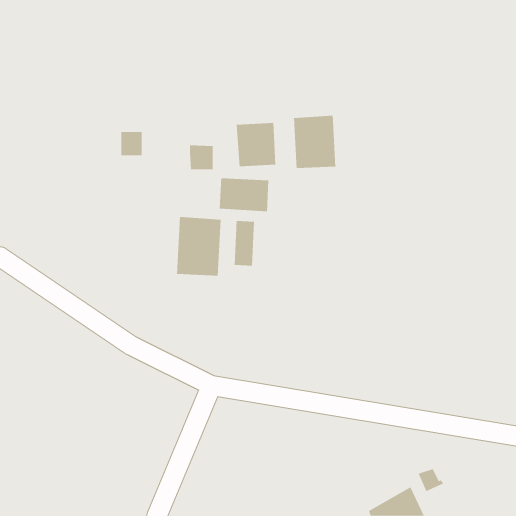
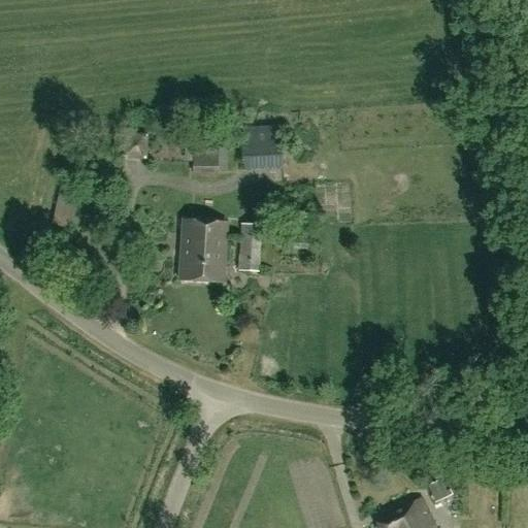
building: [294,115,336,169] -> none
building: [219,178,269,212] -> none
building: none -> [54,185,81,229]

